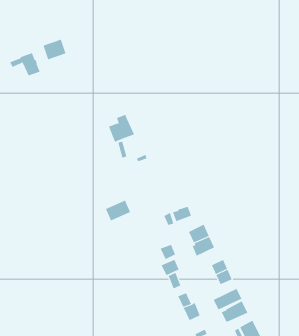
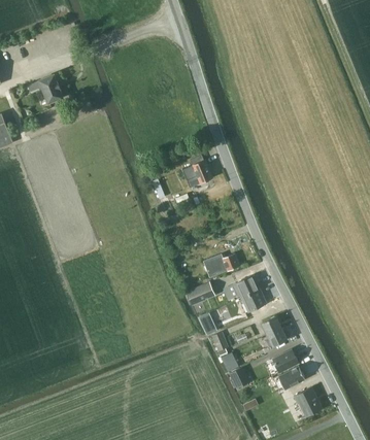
building: [43,39,66,60] -> none
building: [108,114,135,142] -> [181,155,212,188]
building: [105,200,131,221] -> [186,281,215,306]

